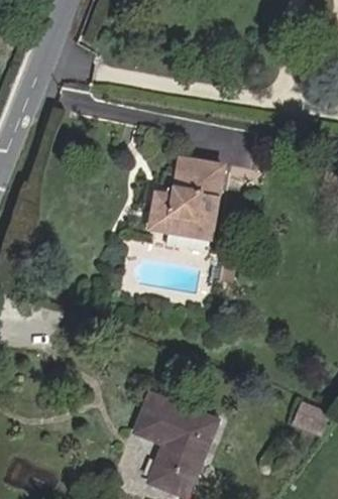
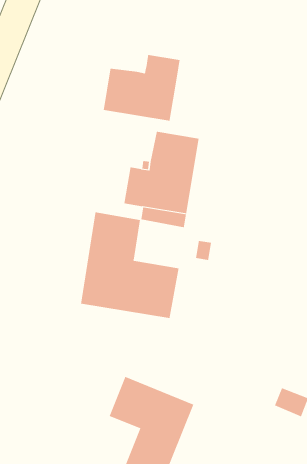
building: none -> [103,54,180,121]
building: none -> [80,212,179,319]

